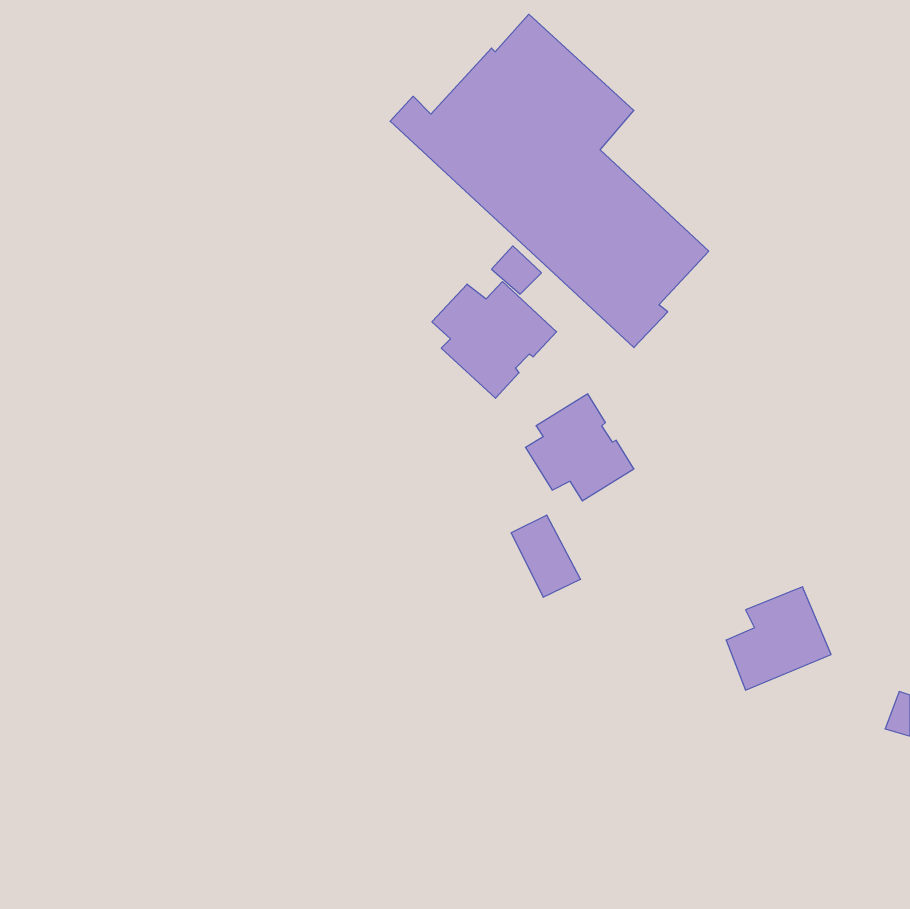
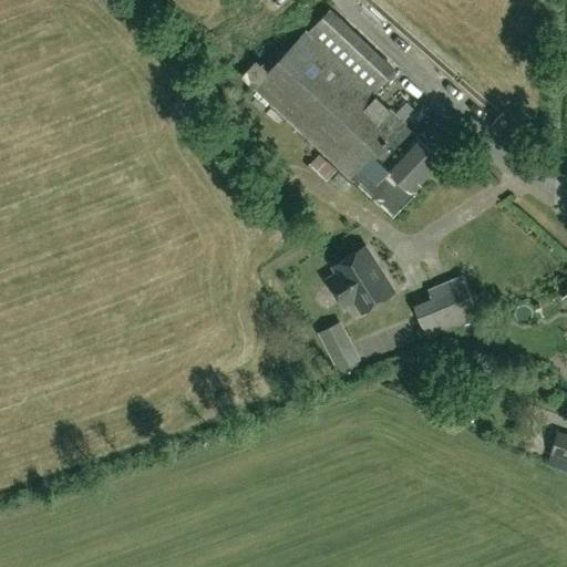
building: [432,282,557,398] -> none
building: [726,587,831,690] -> [415,276,481,340]

